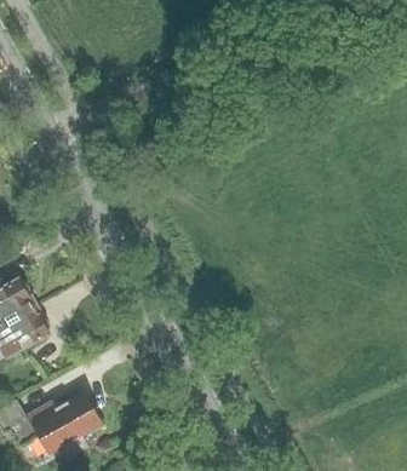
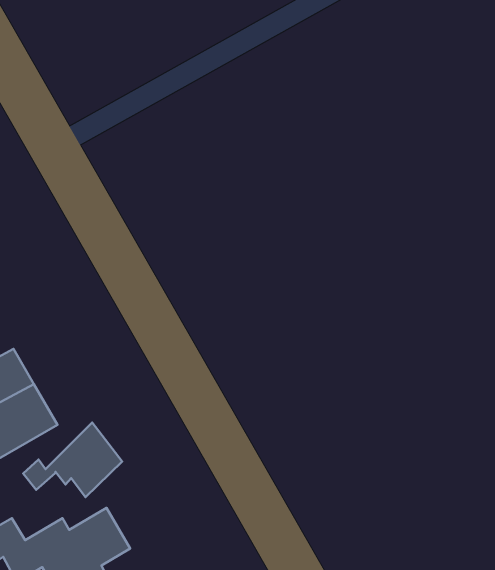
building: none -> [23,423,122,497]

